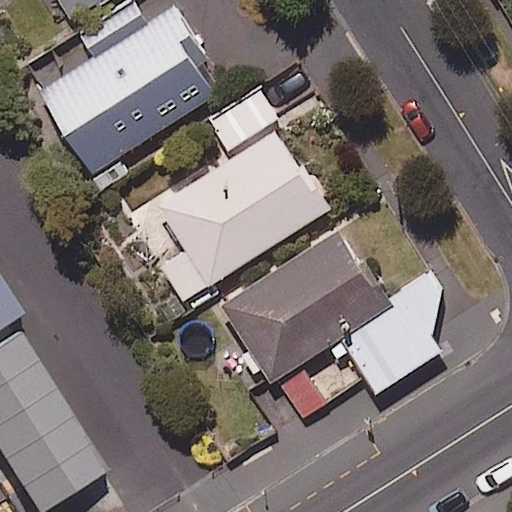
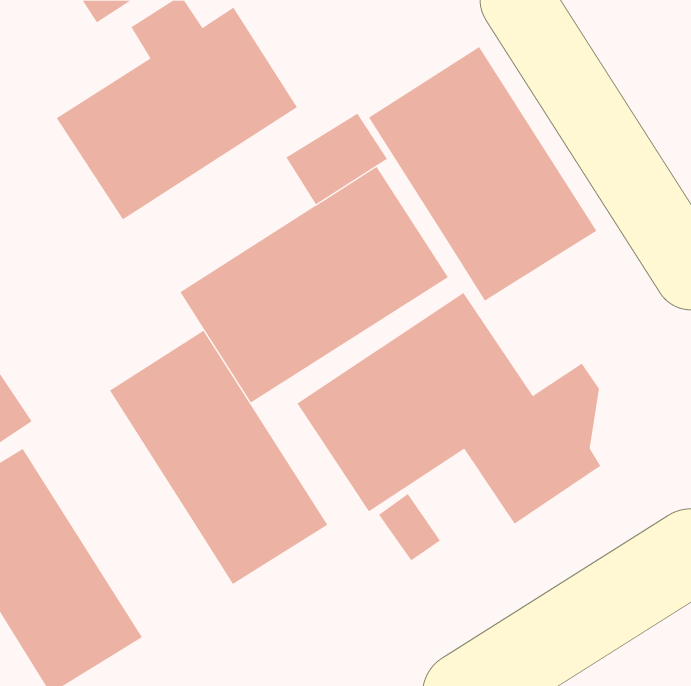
building: none -> [368,46,597,302]
building: none -> [109,330,328,585]

